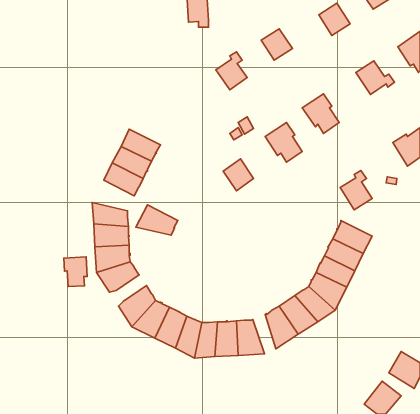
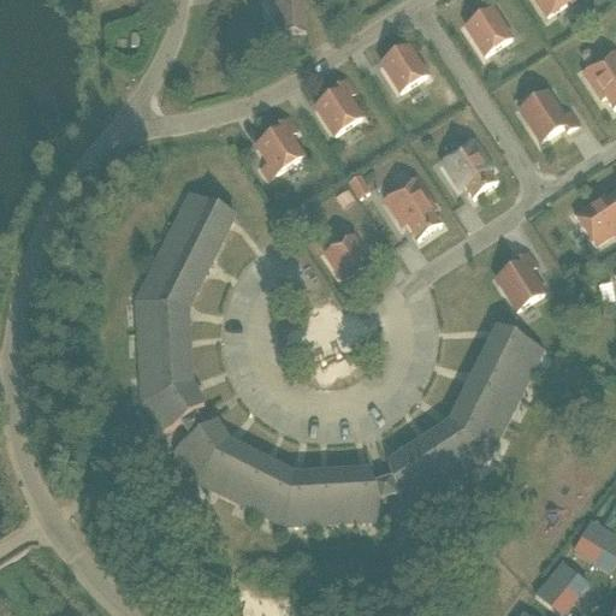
building: none -> [257,114,303,174]
building: [136,205,178,235] -> [135,263,196,308]
building: [64,257,87,287] -> none

